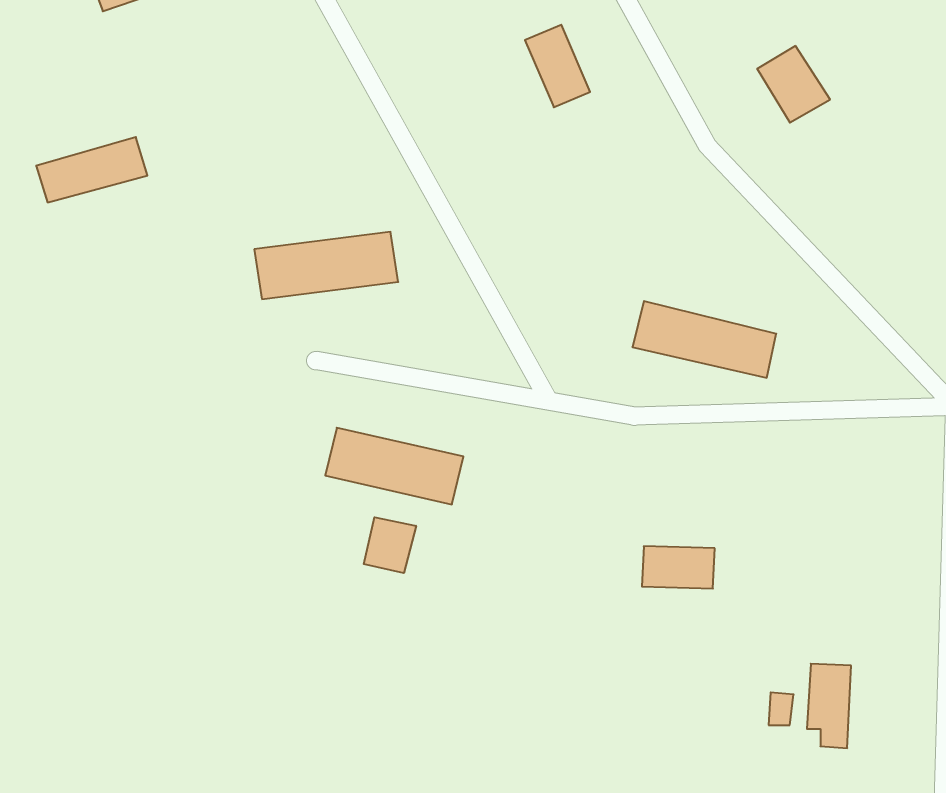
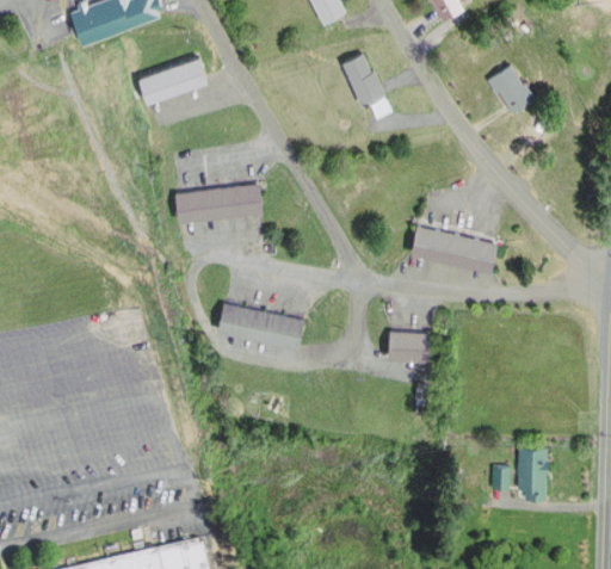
building: [36,137,147,202] -> [142,60,211,100]
building: [364,517,416,573] -> none
building: [642,546,715,589] -> [391,333,437,359]

